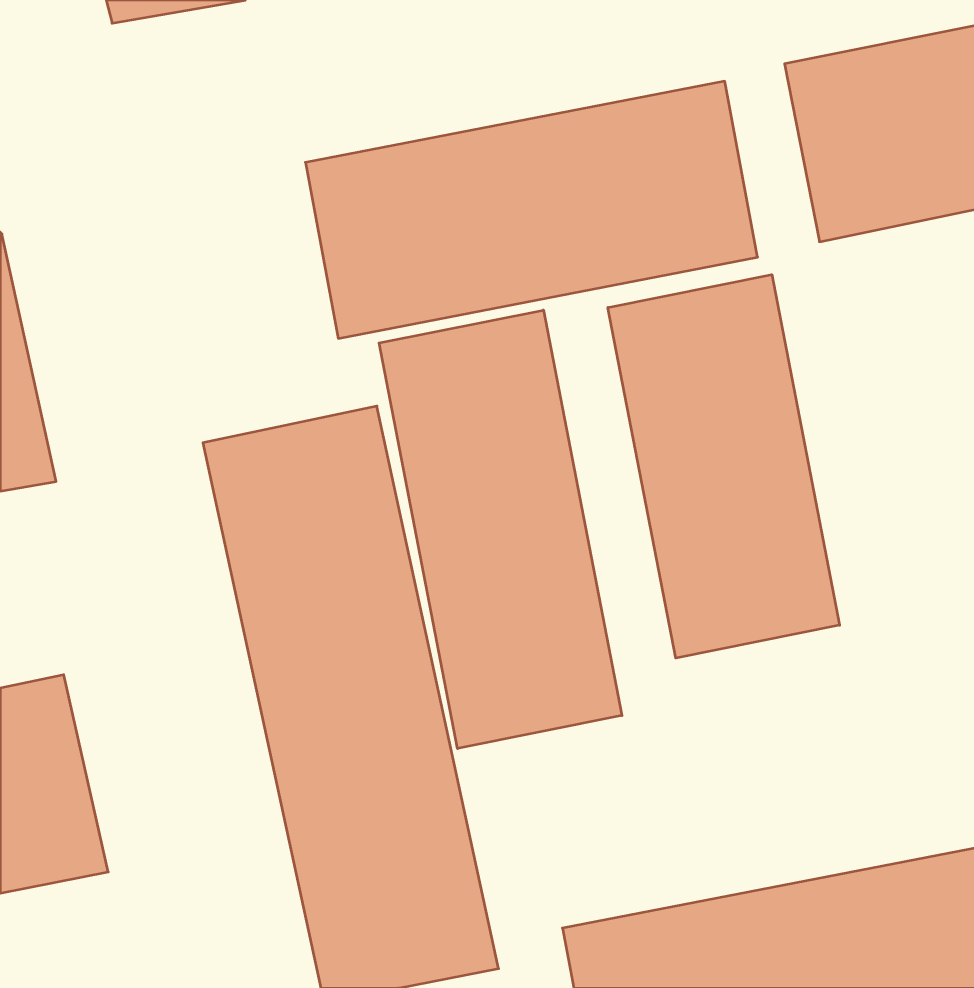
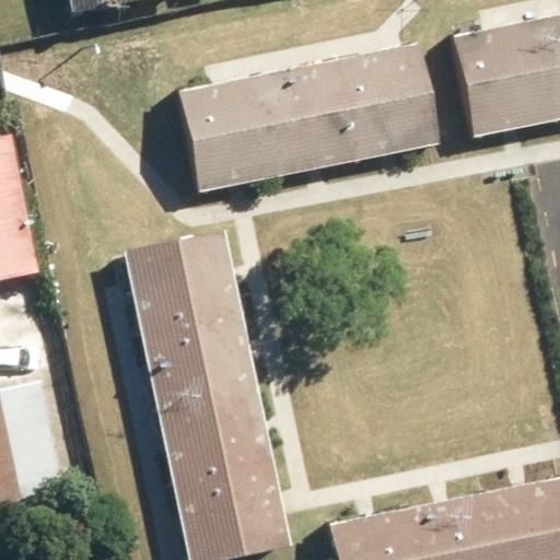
building: [608,275,840,658] -> none
building: [379,310,622,749] -> none

